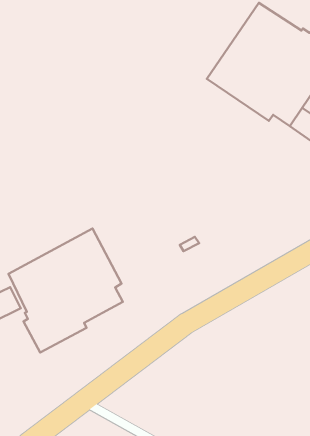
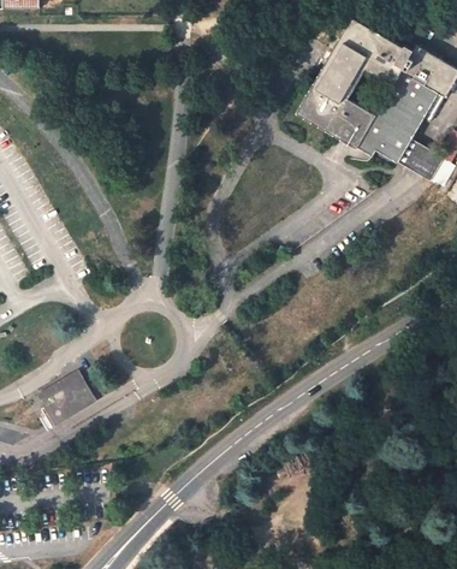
building: [8,228,123,353] -> none

